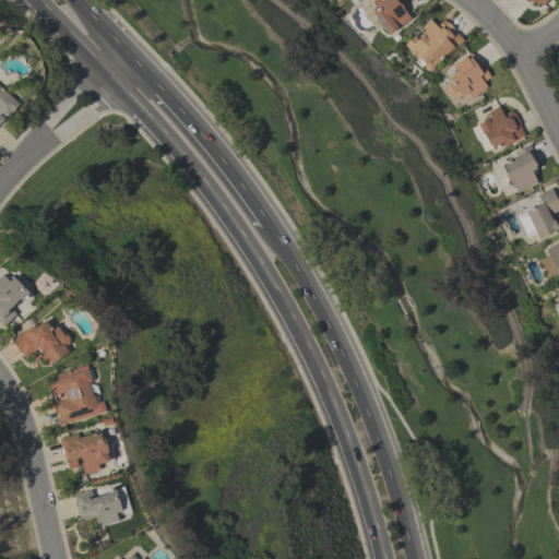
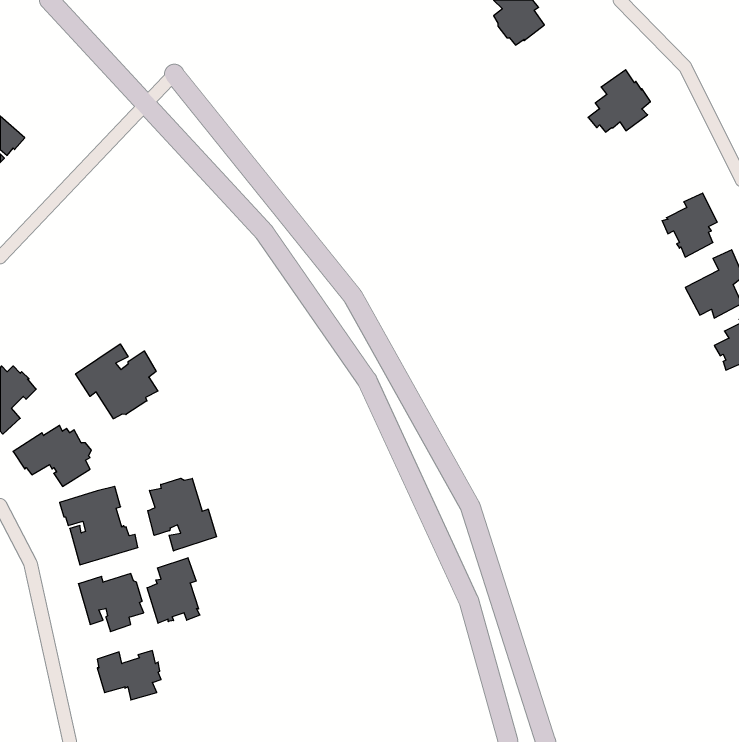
building: [406,19,464,70] -> none
building: [475,106,526,152] -> none
building: none -> [76,344,158,419]
building: none -> [148,478,217,551]
building: none -> [147,558,200,623]

